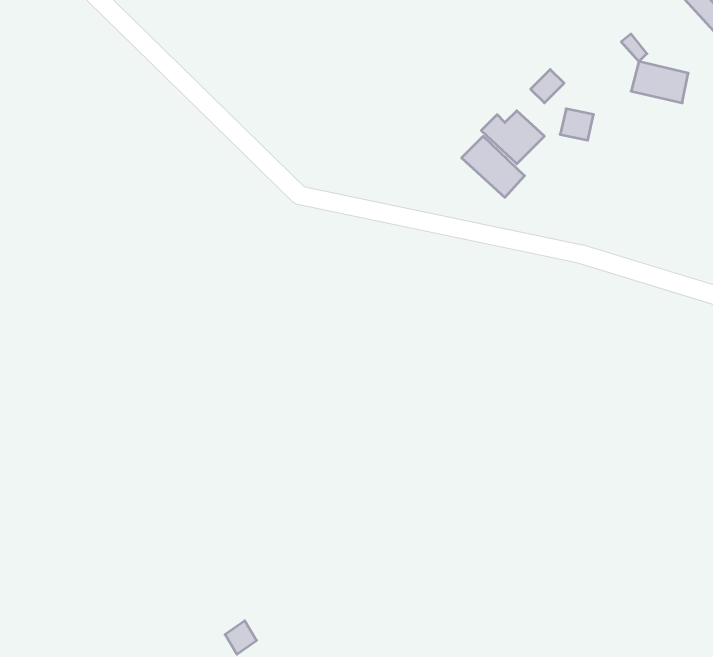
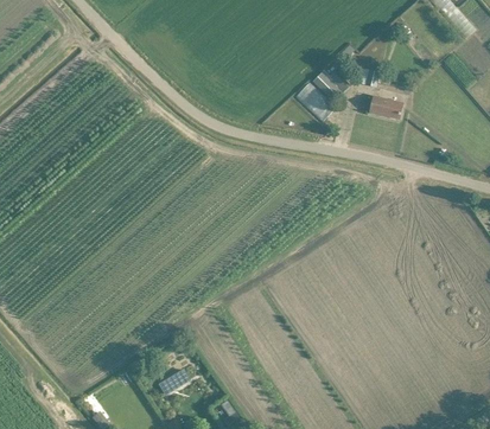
building: [631,61,688,103] -> [370,95,405,120]

